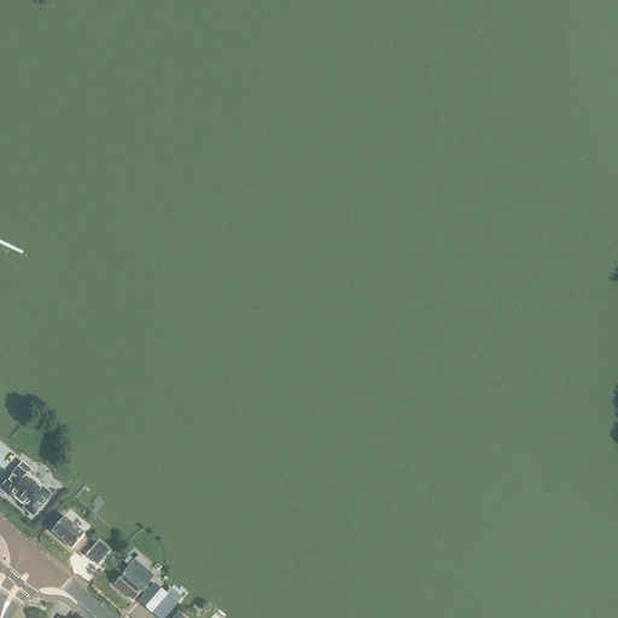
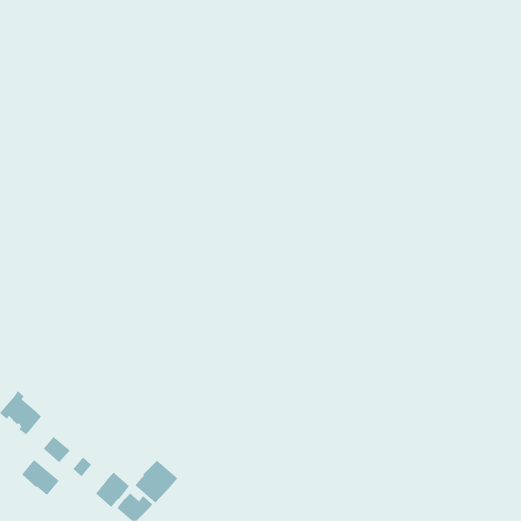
building: none -> [22,459,59,496]
building: none -> [134,460,178,504]

